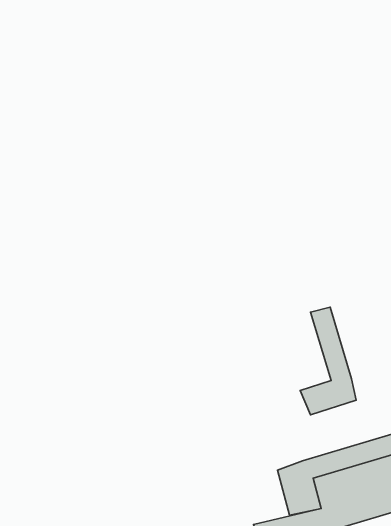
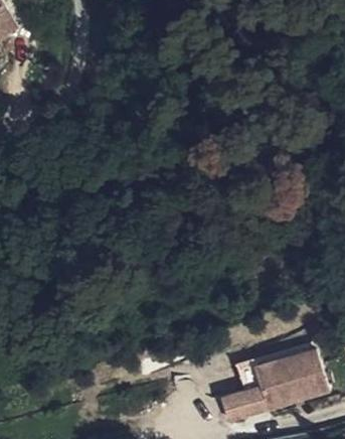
building: [300,307,356,415] -> none

